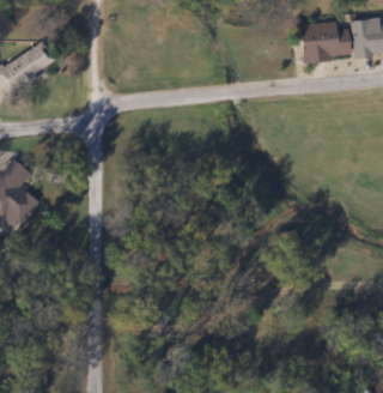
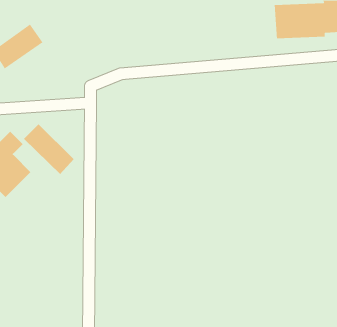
building: none -> [23,123,74,175]

